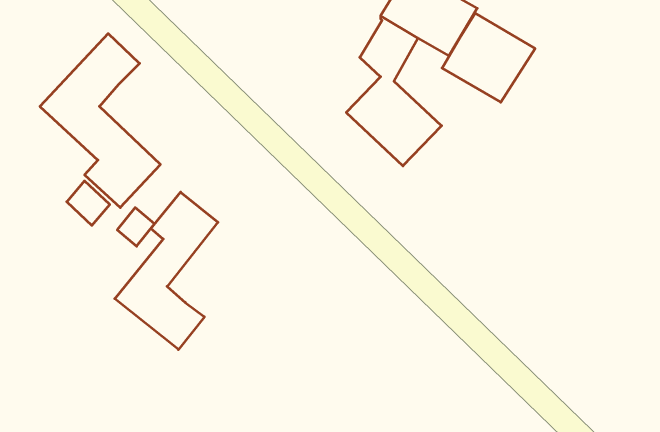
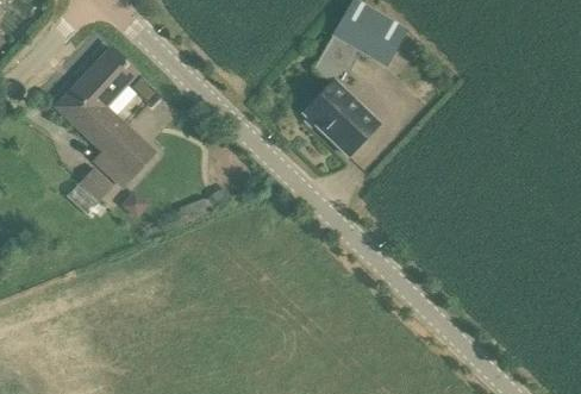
building: [442,13,535,102] -> none
building: [115,192,218,350] -> none

